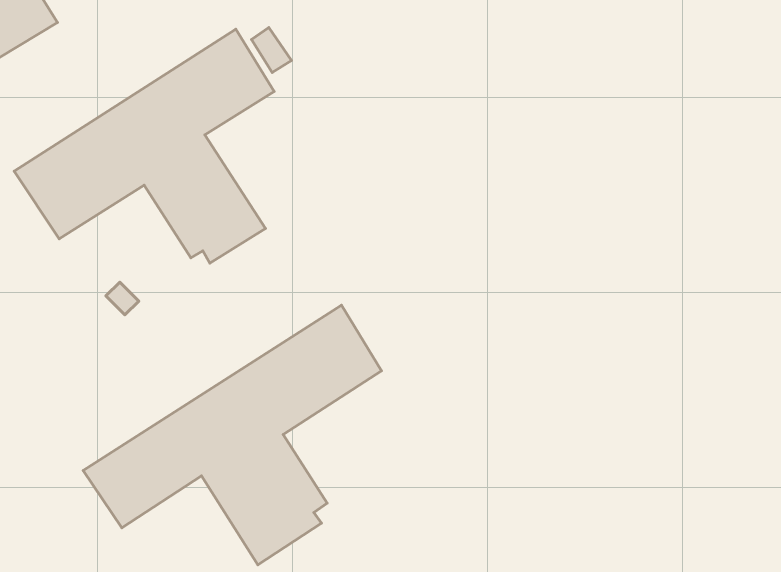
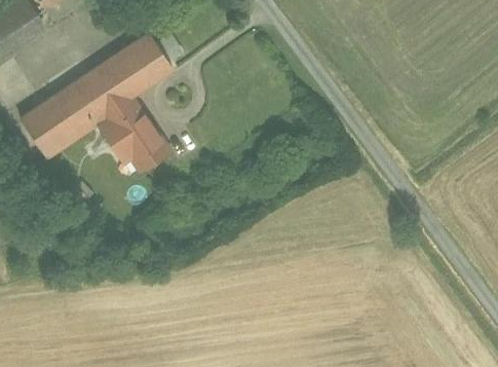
building: [83,305,381,565] -> none

